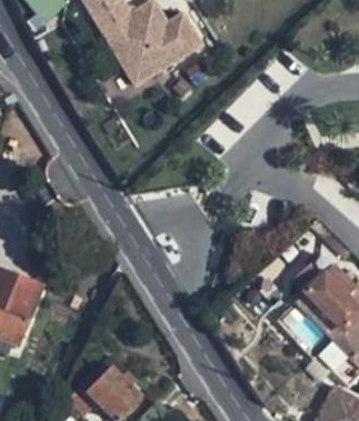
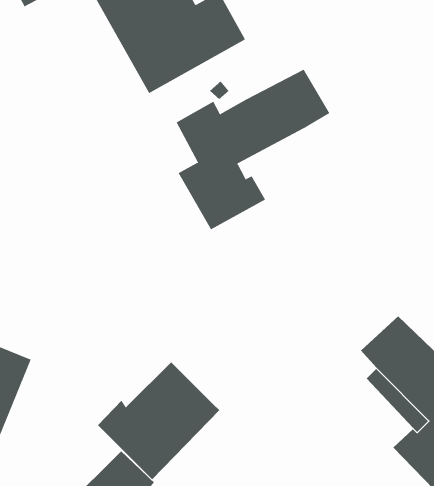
building: none -> [176,69,330,230]
building: none -> [97,361,220,480]

